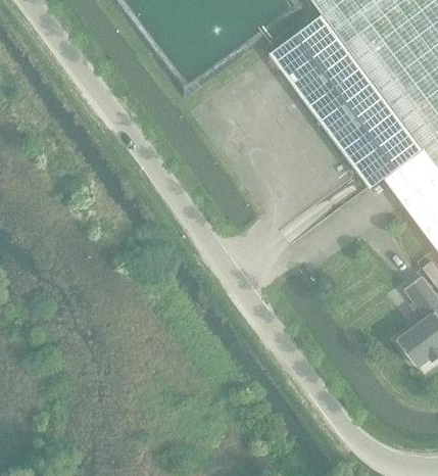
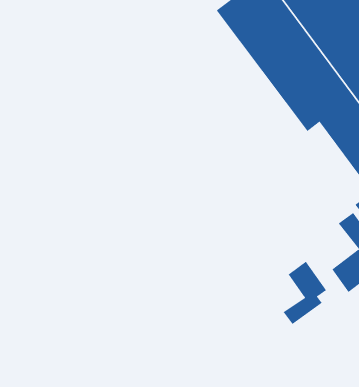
building: none -> [283,261,327,325]

